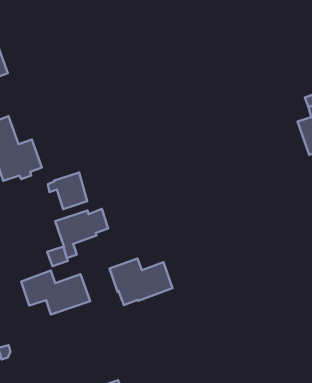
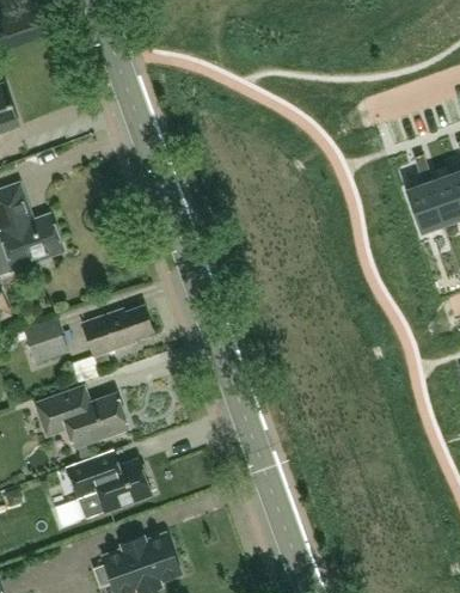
building: [48,172,87,209] -> [14,316,67,365]
building: [110,259,172,305] -> [67,454,151,516]

